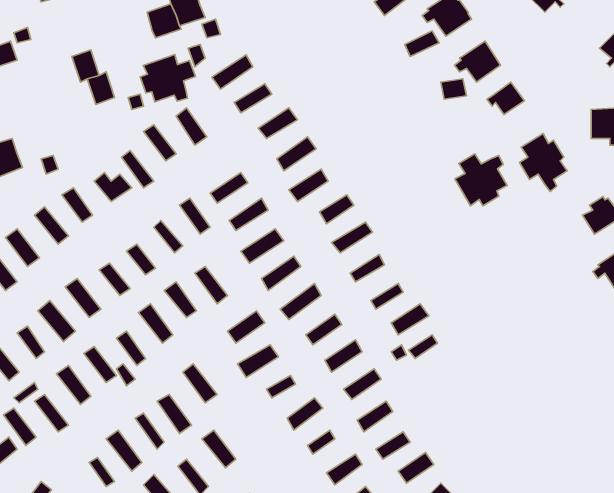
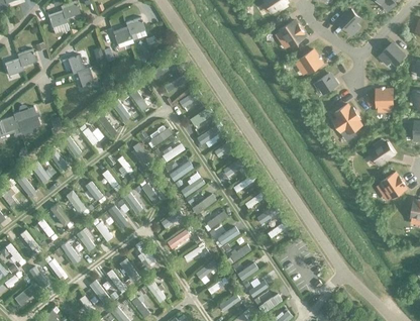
building: [140,54,195,102] -> none
building: [455,154,507,206] -> none

